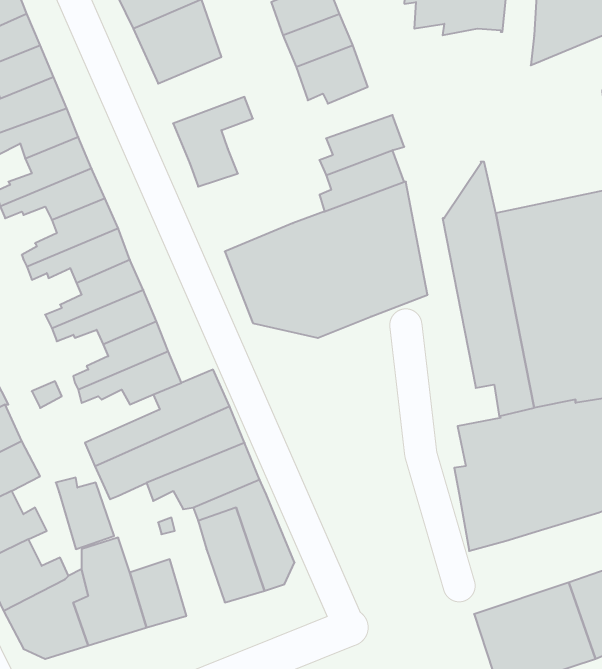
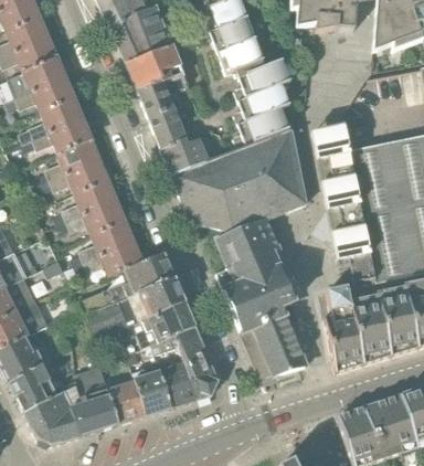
building: none -> [127,43,184,88]
building: none -> [235,57,292,98]
building: none -> [160,134,216,173]
building: none -> [216,216,306,380]
building: [56,478,114,549] -> [133,368,171,415]

